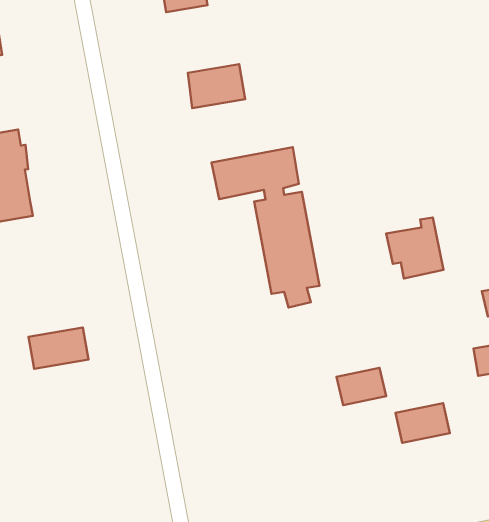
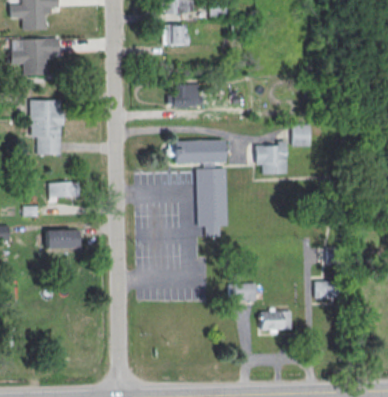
building: none -> [292,125,311,146]
building: [386,217,443,278] -> [256,141,287,175]
building: none -> [49,181,78,200]

